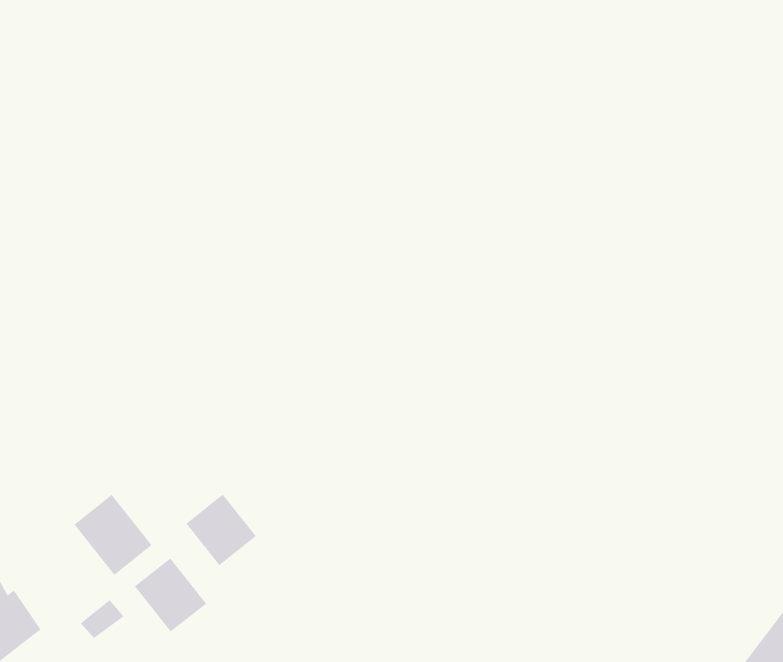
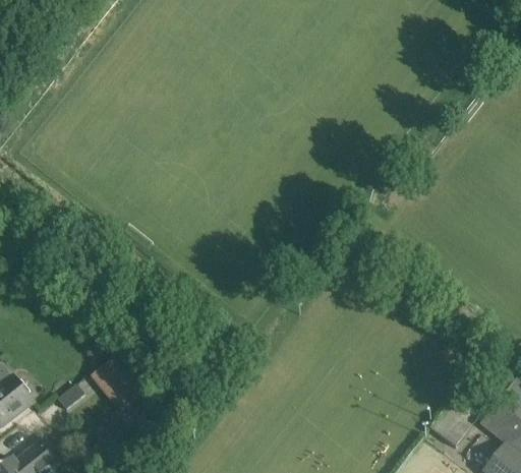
building: [185,493,257,566] -> none
building: [73,494,152,576] -> none

